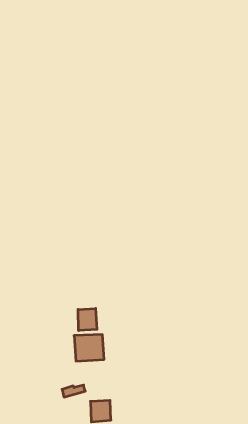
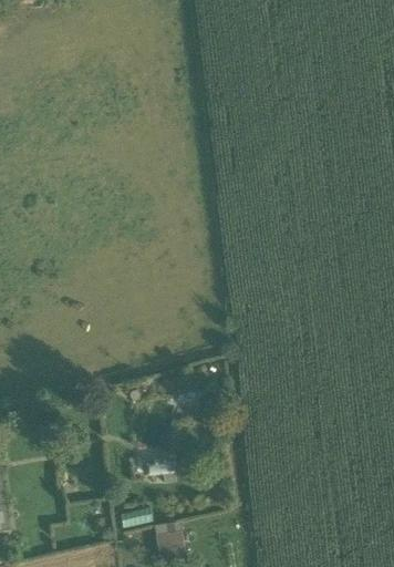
building: [78,308,97,331] -> none

